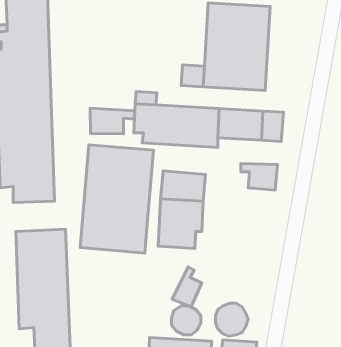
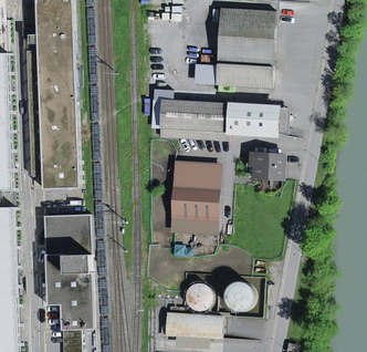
building: [90,108,135,134] -> none
building: [80,145,154,253] -> none
building: [172,267,202,307] -> none

